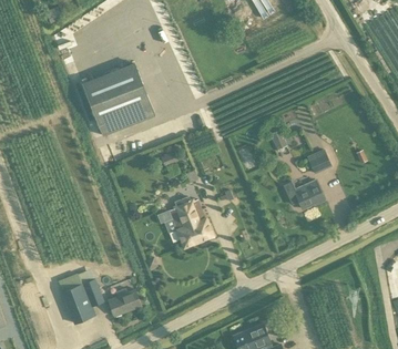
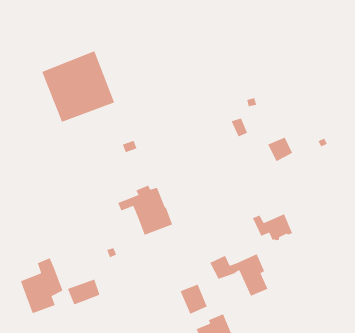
building: [283,181,324,208] -> [252,213,293,241]
building: none -> [209,253,268,297]
building: none -> [180,283,208,315]

